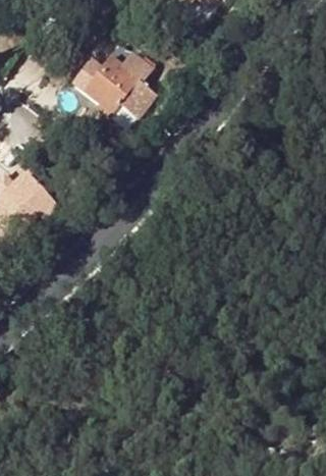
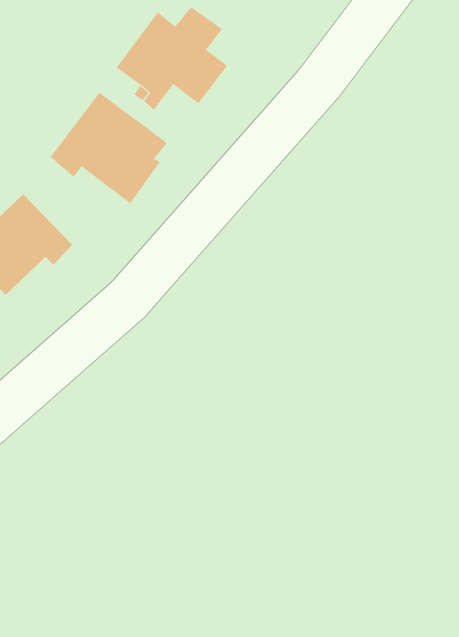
building: none -> [50,92,168,204]

